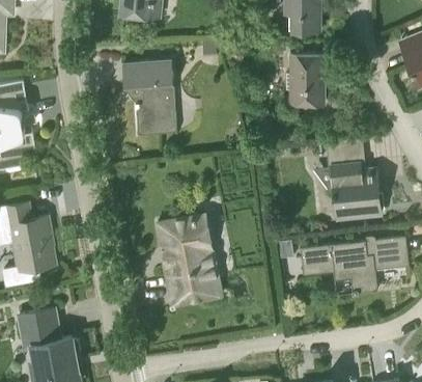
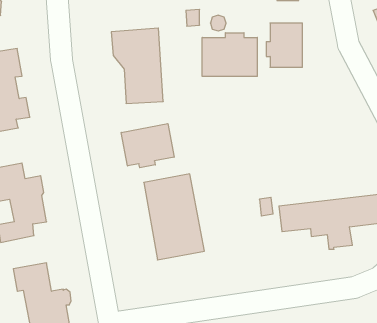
building: none -> [202,33,257,76]
building: [326,137,381,219] -> none
building: none -> [121,124,174,168]

